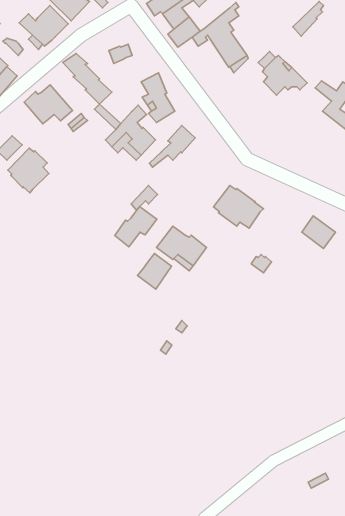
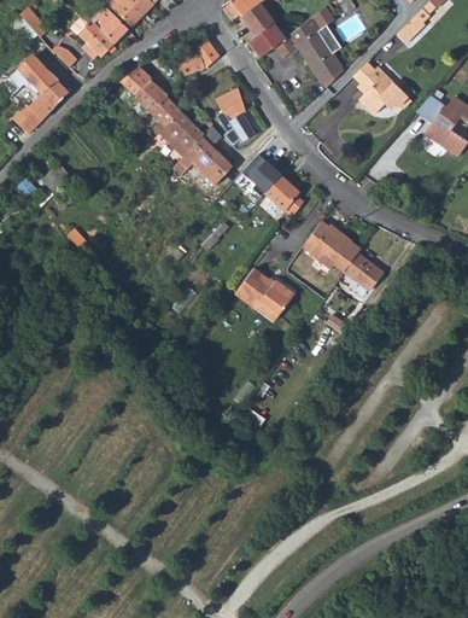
building: [24,85,73,124] -> none
building: none -> [165,110,204,147]
building: none -> [263,171,303,215]
building: [8,148,49,193] -> none
building: [115,207,157,247] -> none
building: [302,216,336,248] -> [343,252,382,291]
building: [137,254,172,289] -> none

